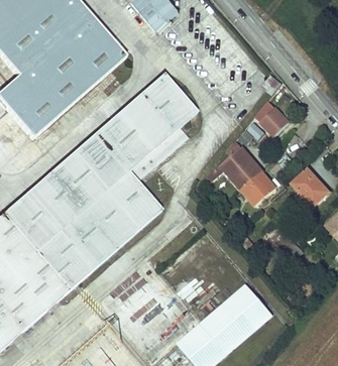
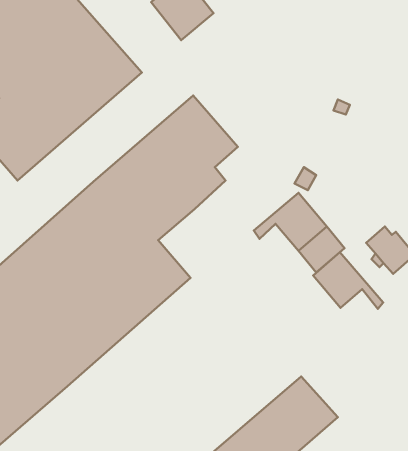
building: [261,106,291,135] -> none
building: none -> [313,252,383,309]

